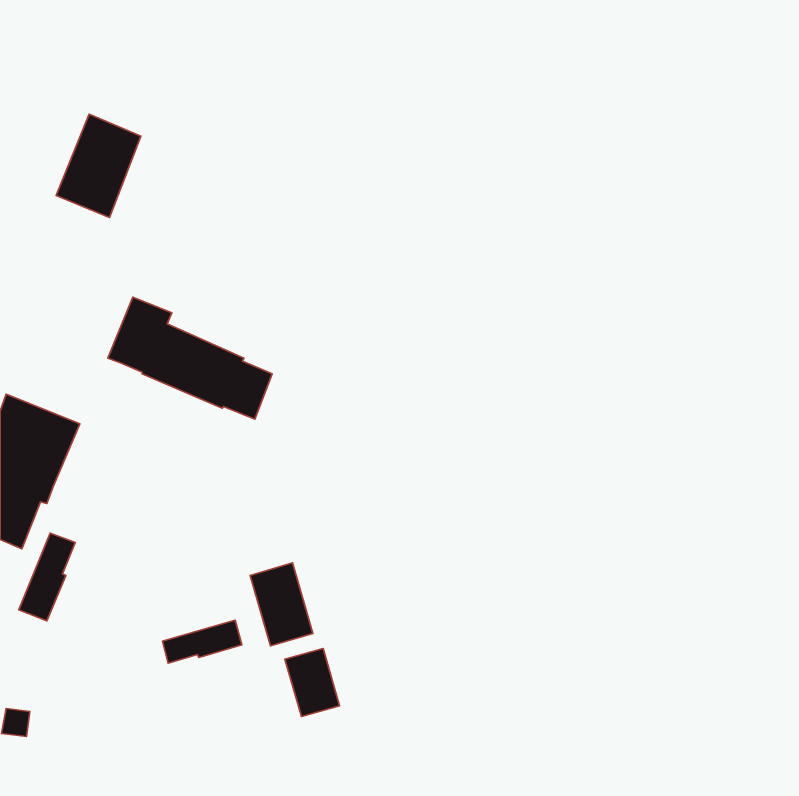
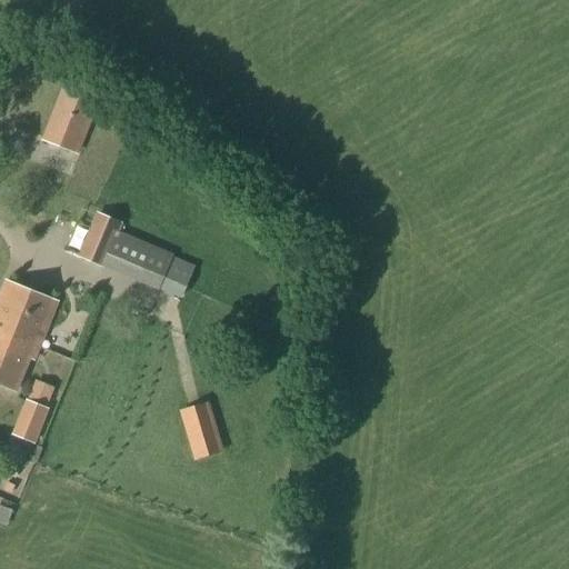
building: [162,620,242,663] -> none
building: [285,648,340,716] -> none

